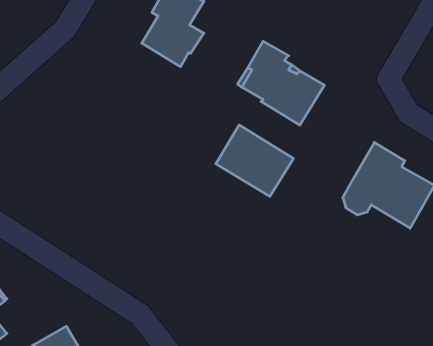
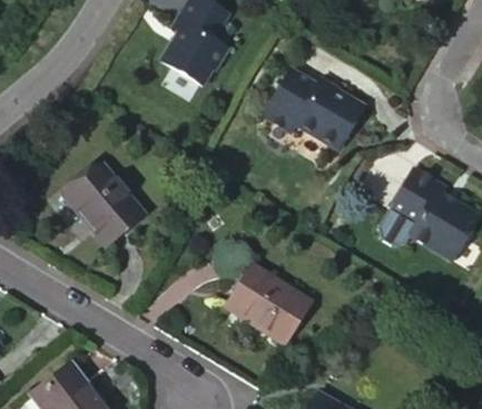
building: [216,125,293,196] -> [229,265,314,343]
building: none -> [63,163,141,243]

